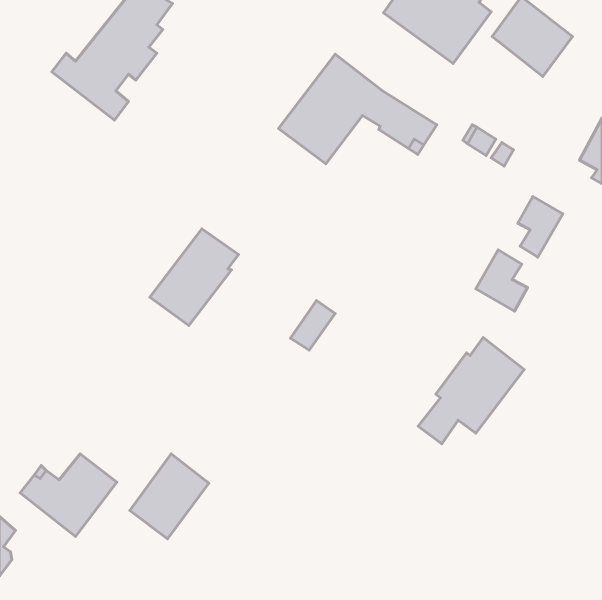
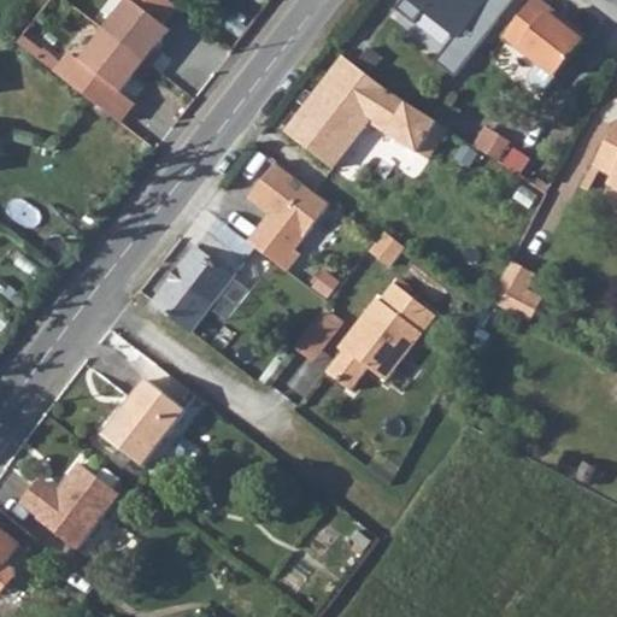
building: none -> [246,160,329,270]
building: [518,196,563,257] -> none
building: [418,338,524,444] -> [327,280,435,388]
building: [130,454,209,539] -> [104,378,184,465]

